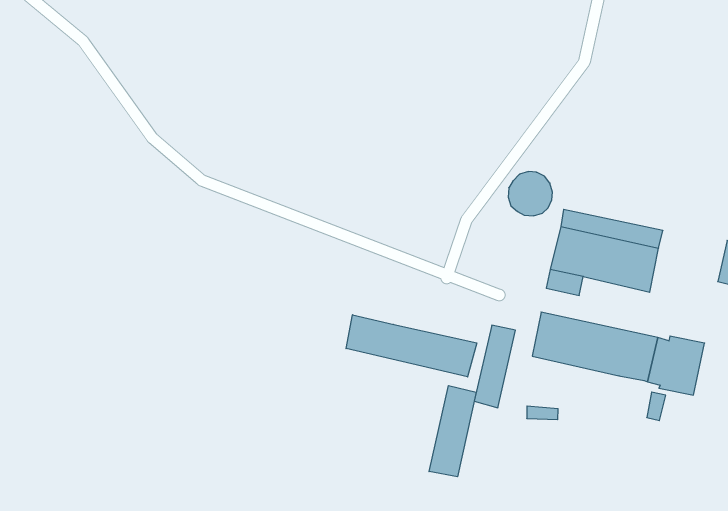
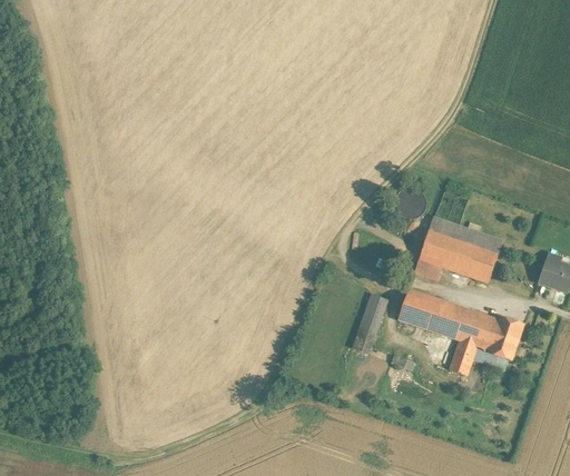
building: [346,315,477,377] -> none
building: none -> [449,340,476,375]
building: [429,386,476,477] -> none

